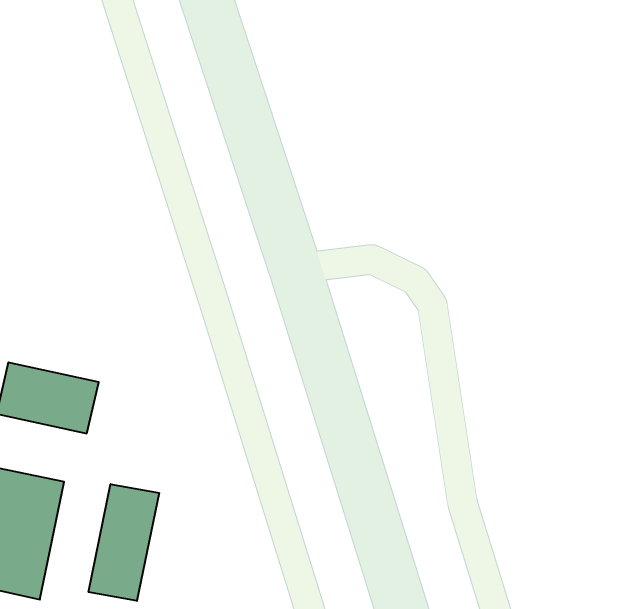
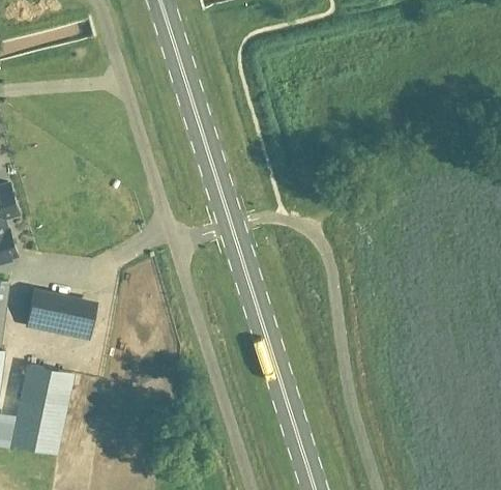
building: [89,484,159,601] -> none

